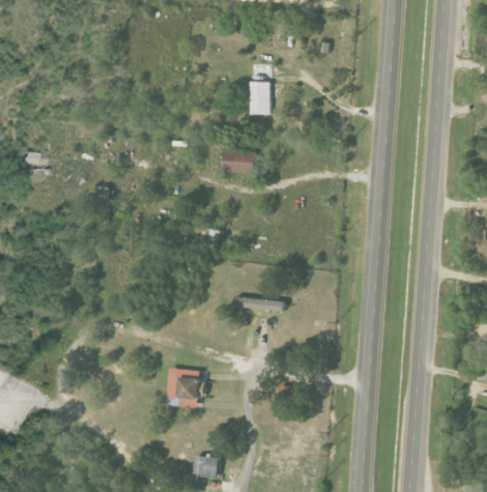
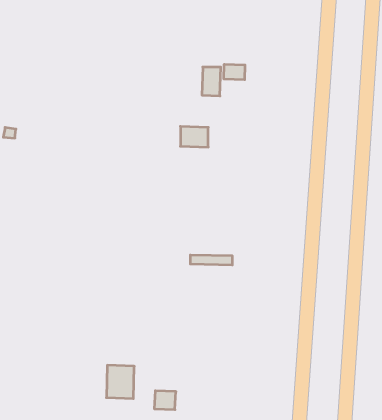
building: none -> [224,64,245,80]
building: [168,369,200,407] -> [106,365,134,399]

